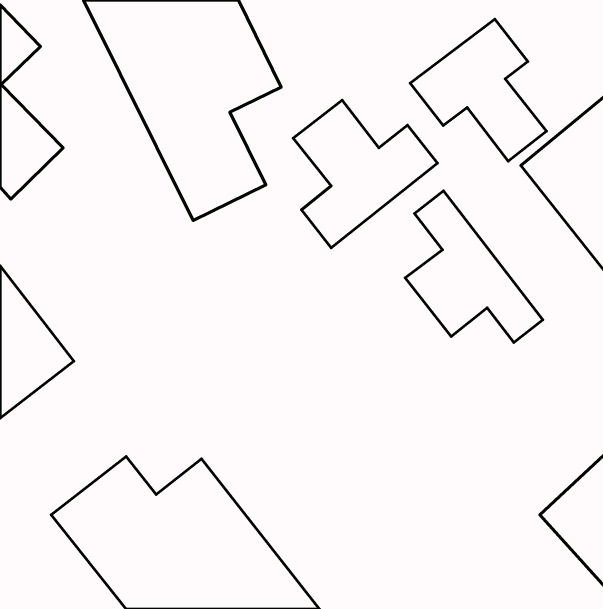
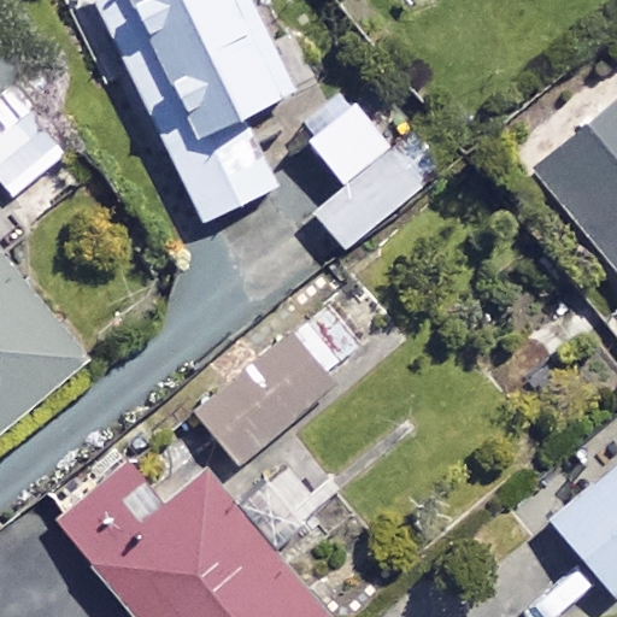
building: [410,19,546,161] -> none
building: [405,191,543,343] -> none
building: none -> [180,315,330,481]

